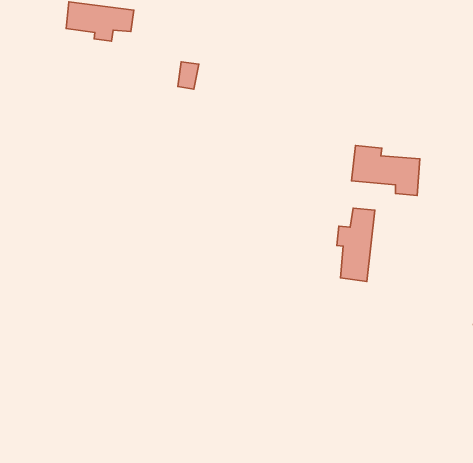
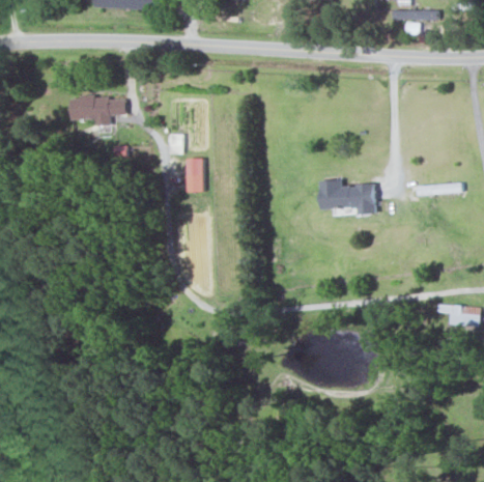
building: none -> [186,158,202,192]
building: [337,208,375,281] -> none

